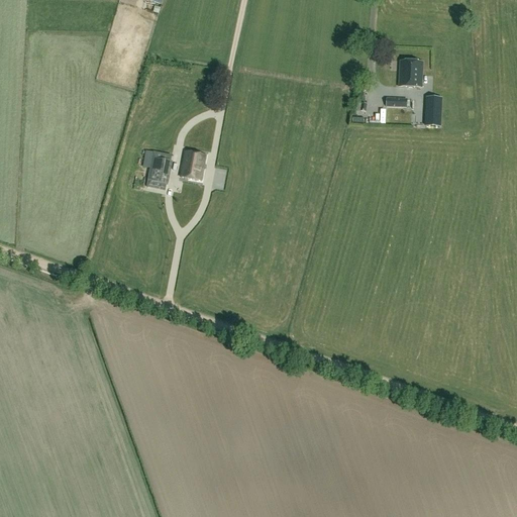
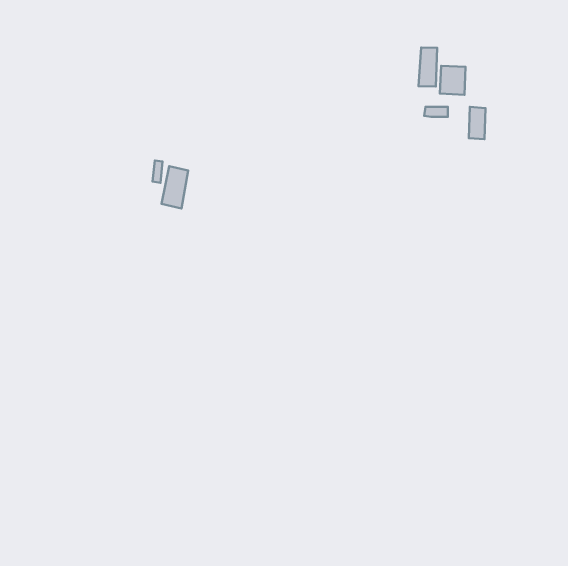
building: none -> [419,48,437,86]
building: [180,149,206,180] -> none

